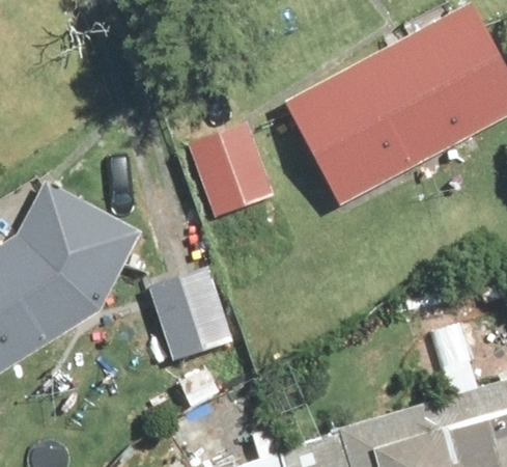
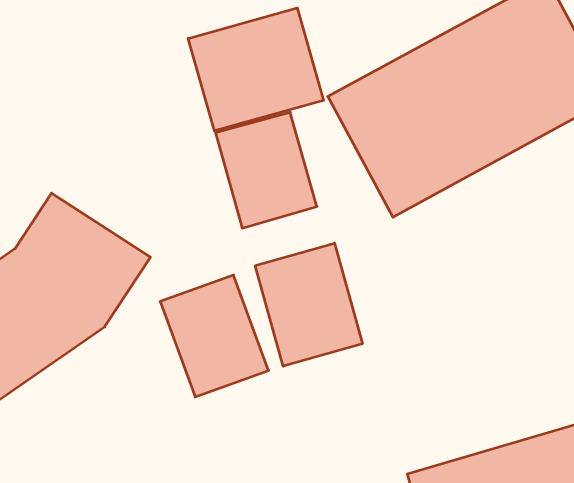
building: none -> [188,8,324,131]
building: none -> [255,243,362,366]

